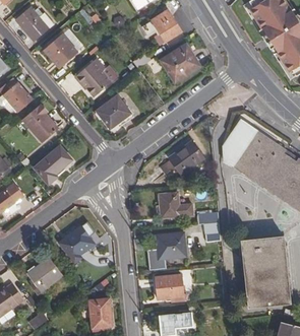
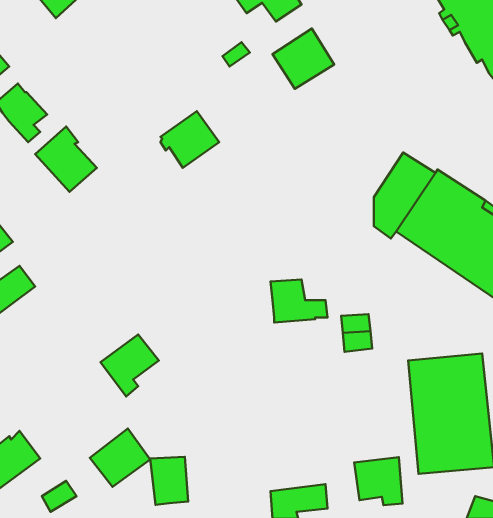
building: [44,33,77,67] -> none
building: [75,57,118,95] -> none
building: [162,142,205,175] -> none
building: [36,147,73,186] -> none
building: [149,233,188,272] -> none
building: [29,257,65,291] -> [90,428,150,487]
building: [158,276,186,305] -> [354,457,402,505]

